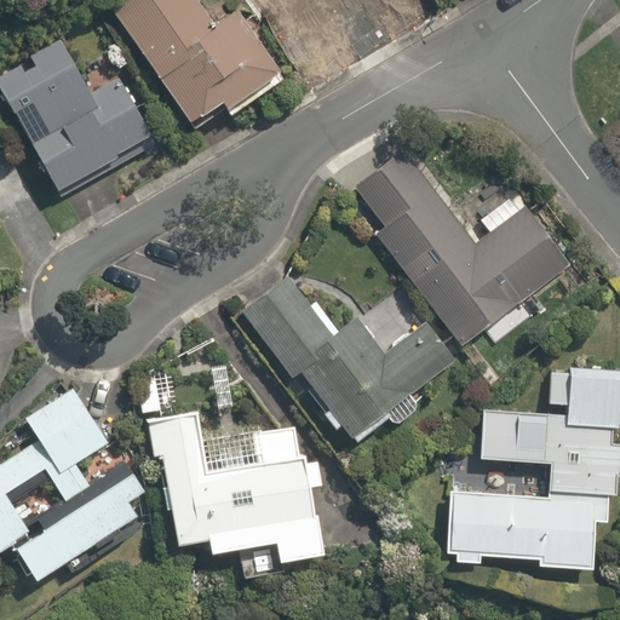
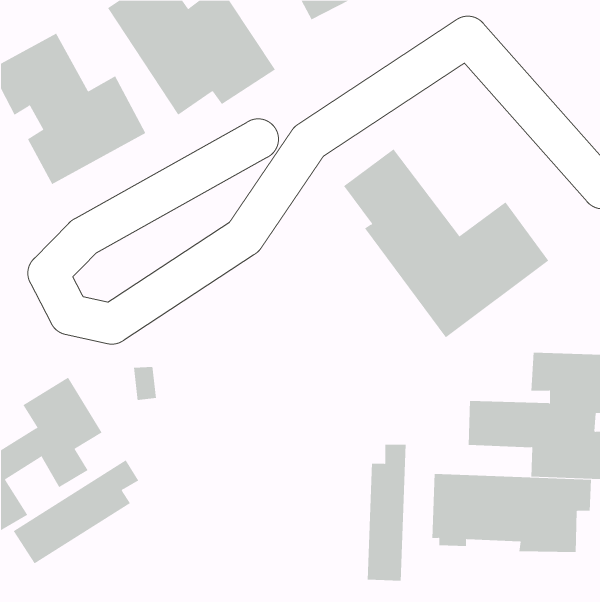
building: [243,276,449,438] -> none
building: [148,414,323,581] -> none
building: none -> [367,444,406,582]

